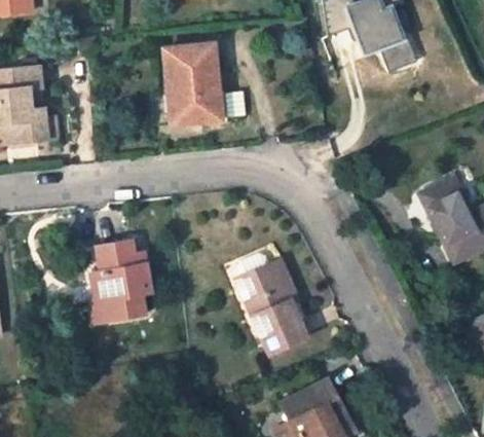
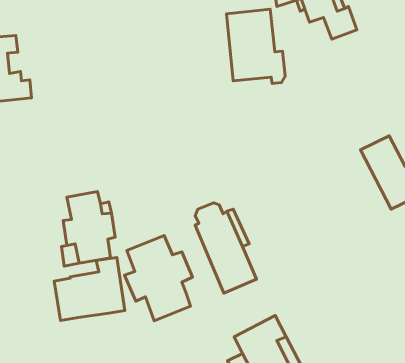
building: [164,44,229,126] -> [227,9,285,84]
building: none -> [125,235,193,321]
building: none -> [54,257,125,321]

